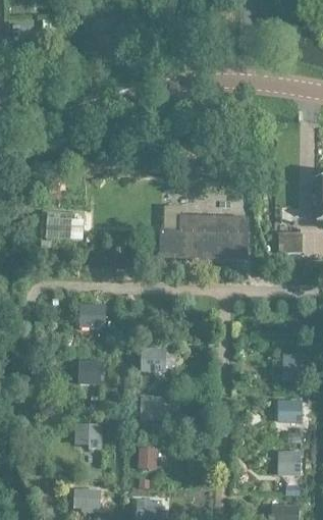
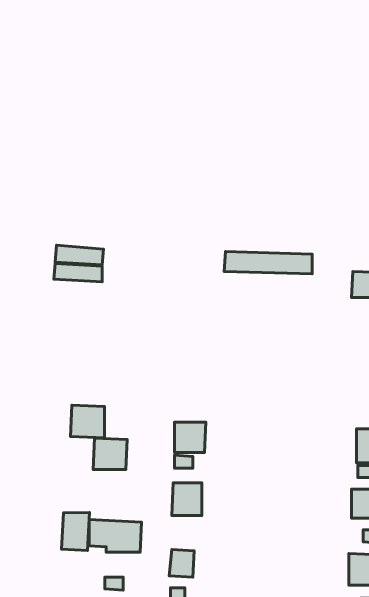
building: [159,229,248,258] -> none
building: [78,302,105,327] -> [70,405,105,438]
building: none -> [62,513,90,551]

